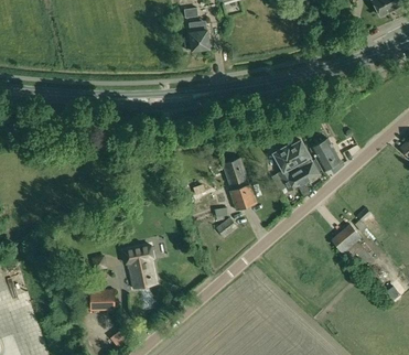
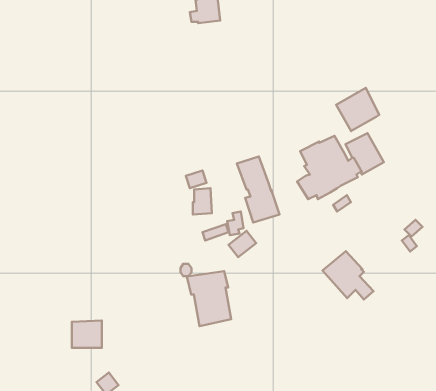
building: none -> [336,88,379,131]
building: [331,225,372,263] -> [322,251,373,299]
building: [122,246,158,290] -> [187,271,231,326]

